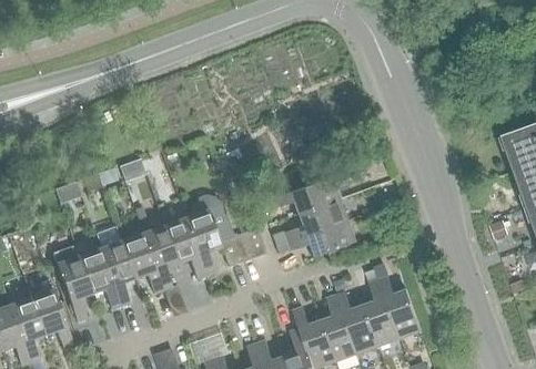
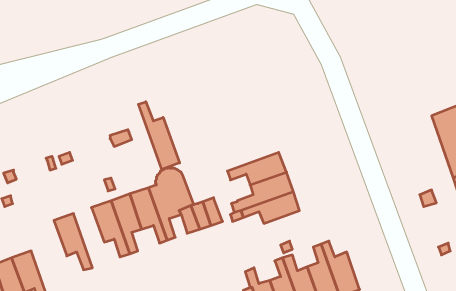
building: none -> [138,102,180,169]
building: [99,238,133,306] -> none
building: [51,243,91,320] -> none

